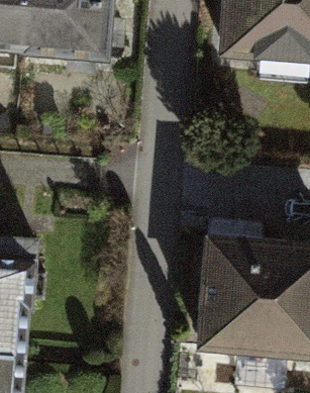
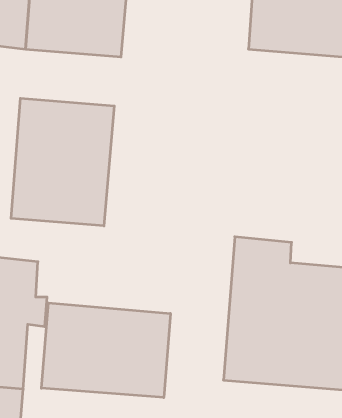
building: none -> [11,98,114,226]
building: none -> [41,303,170,398]

